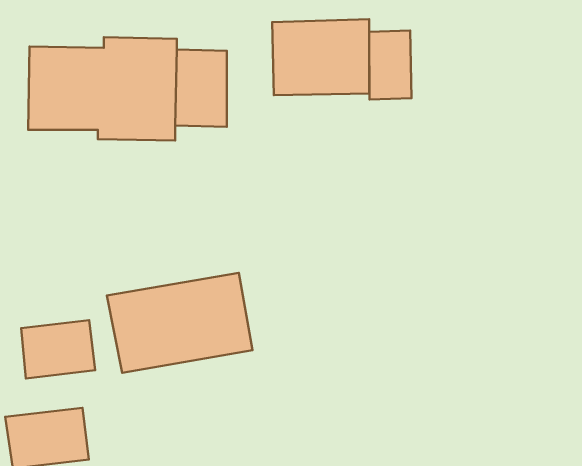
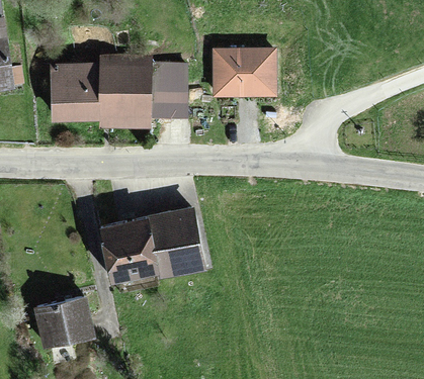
building: [369,31,412,99] -> none
building: [21,320,95,378] -> none

